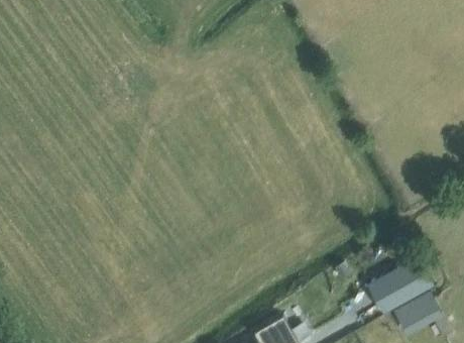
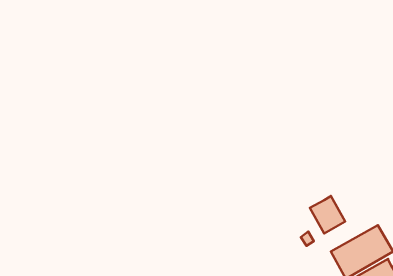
building: none -> [310,196,345,233]

